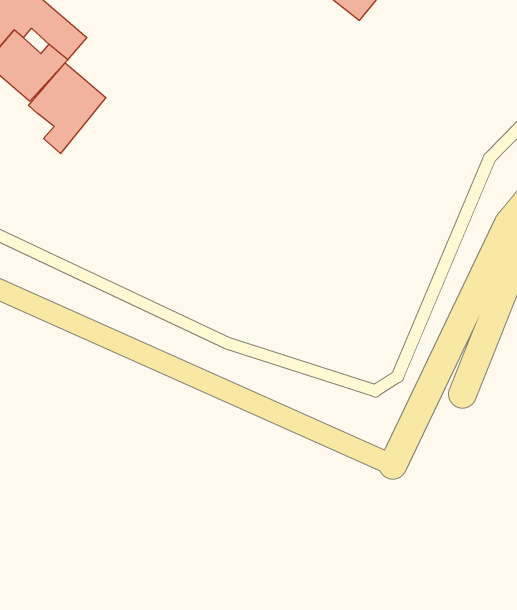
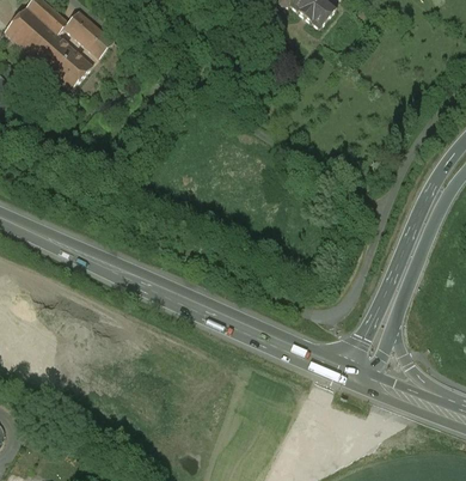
building: [29,63,106,154] -> none

